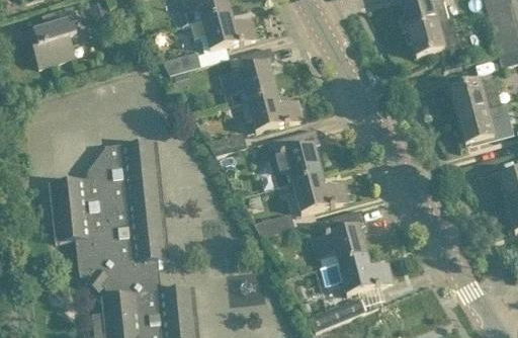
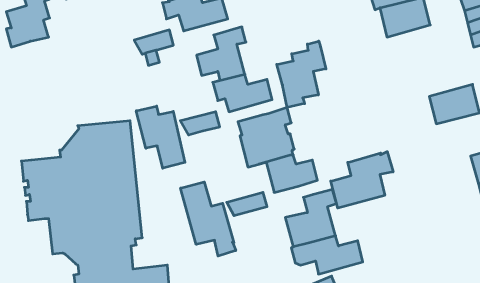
building: none -> [277,41,326,108]
building: [450,77,501,116] -> none
building: none -> [136,106,185,168]
building: none -> [331,152,393,208]
building: none -> [181,182,236,256]

